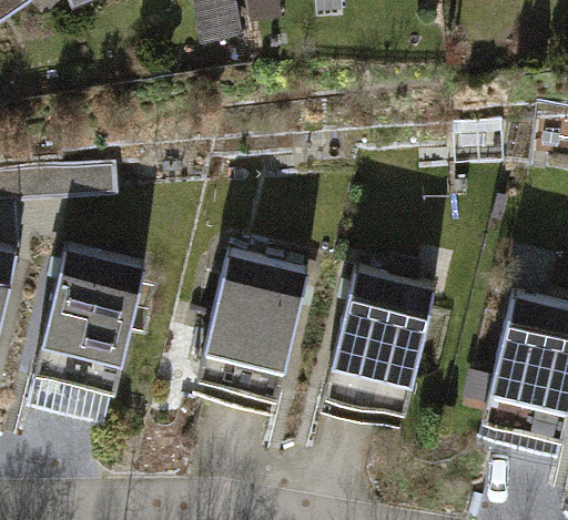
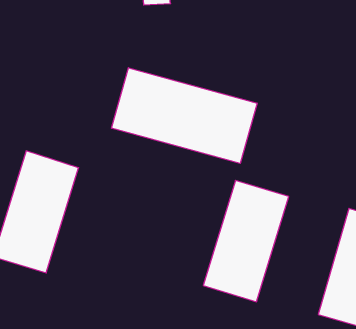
building: none -> [112,68,257,163]
building: [200,251,303,412] -> none

